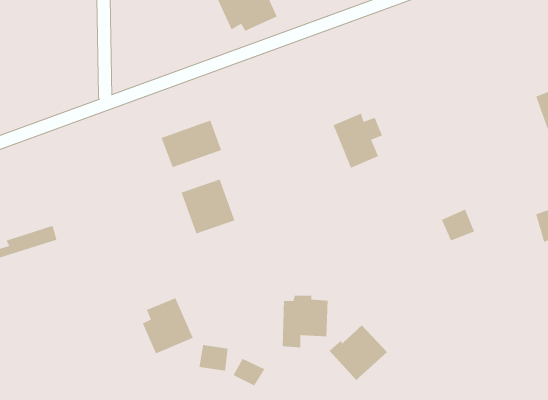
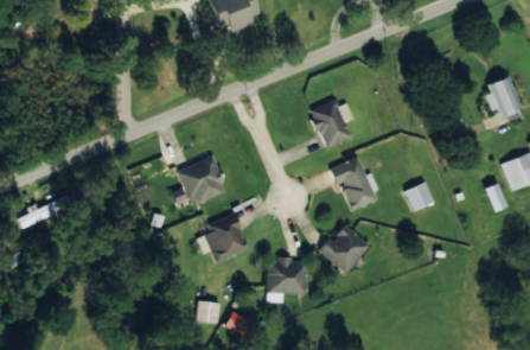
building: [161,120,222,168] -> none
building: none -> [332,157,381,211]
building: [142,297,194,355] -> [204,214,249,263]
building: [329,325,388,381] -> [319,225,370,274]

